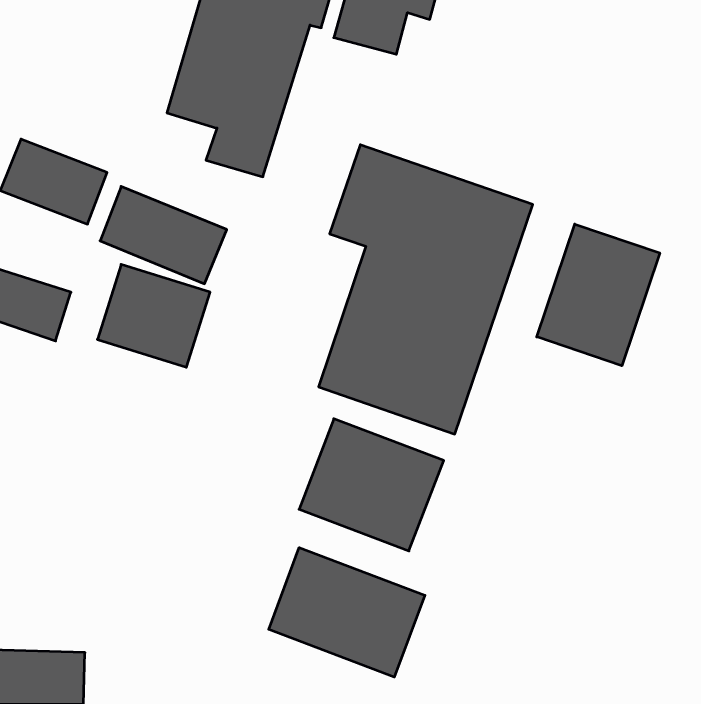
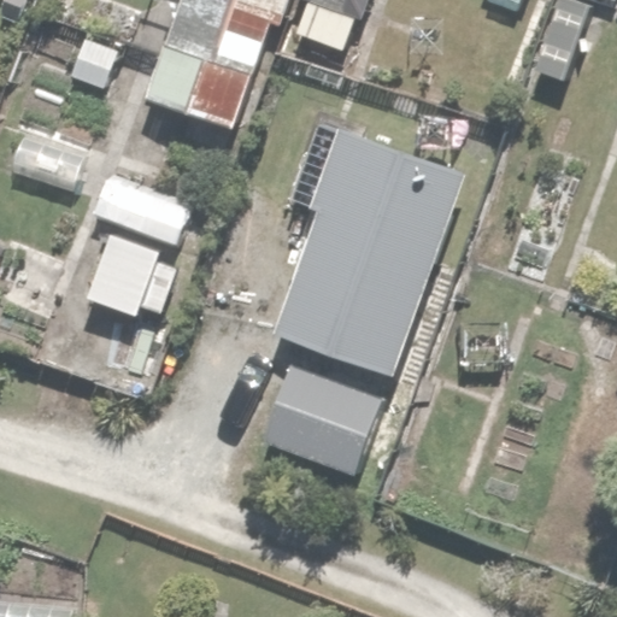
building: [537,224,660,366] -> none
building: [269,548,425,677] -> none

